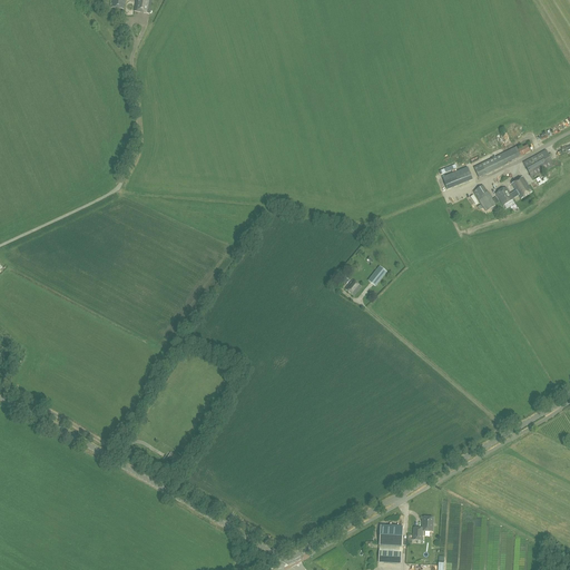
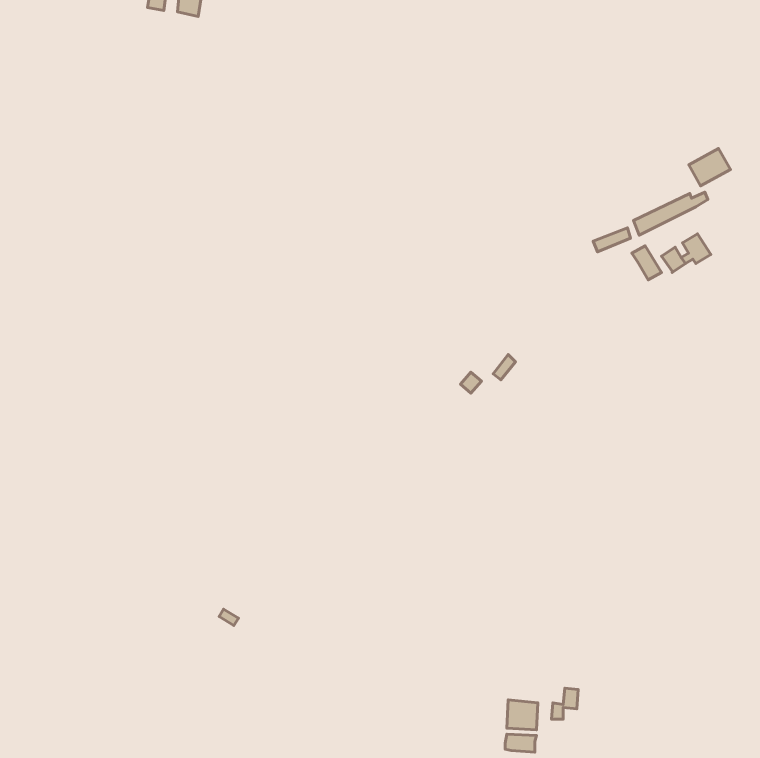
building: [522,148,553,176] -> [689,148,730,186]

